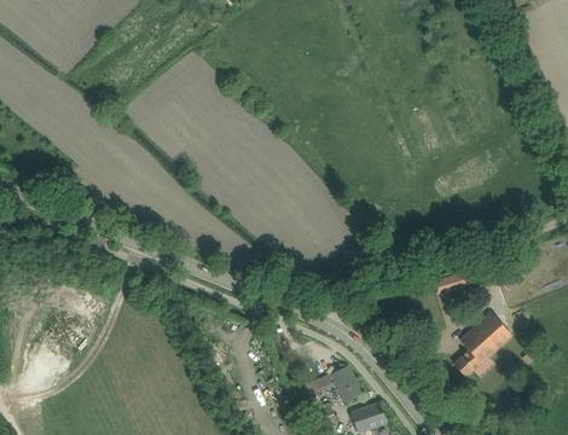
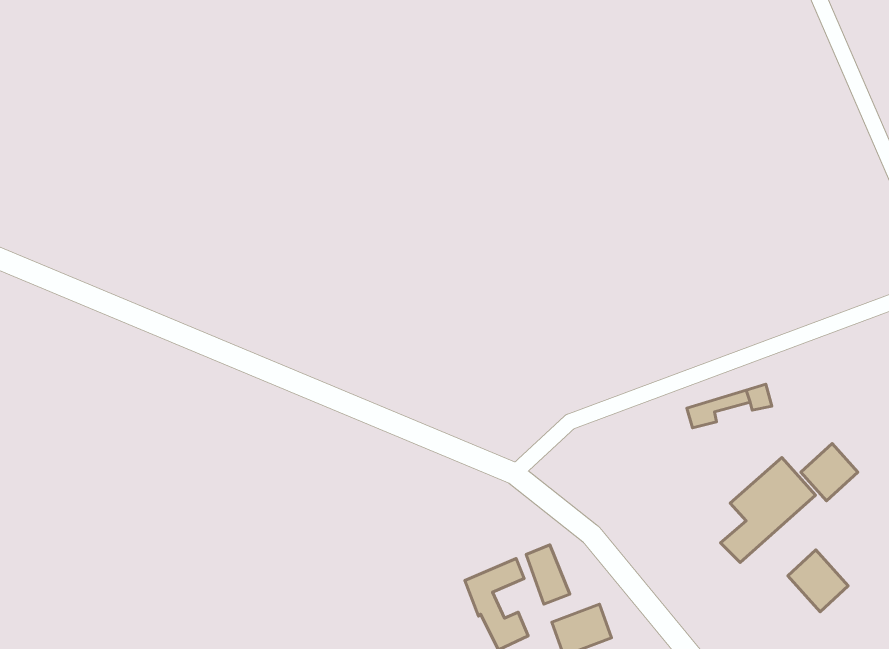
building: none -> [801,443,858,501]
building: none -> [788,550,848,612]

